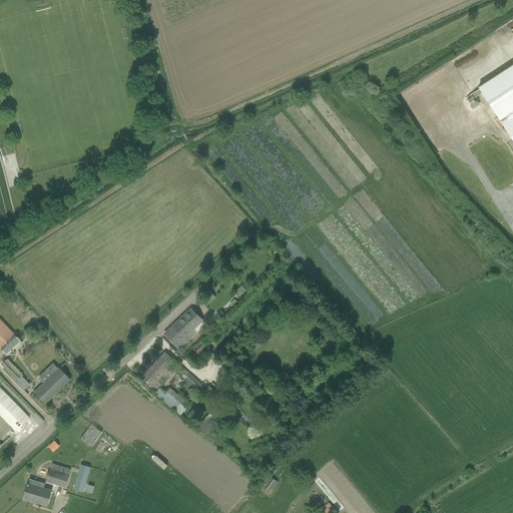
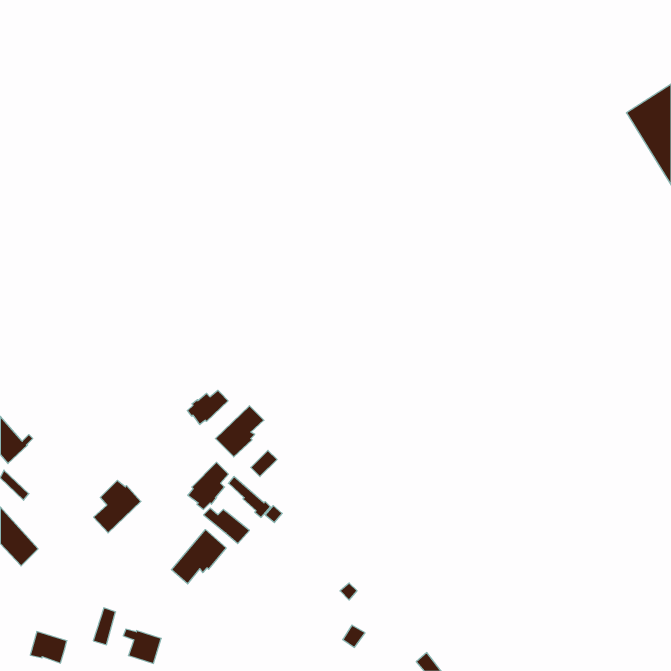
building: none -> [187,390,228,425]
building: [34,364,70,404] -> [94,480,141,533]
building: none -> [171,530,226,584]
building: [42,461,71,487] -> [123,629,161,663]

